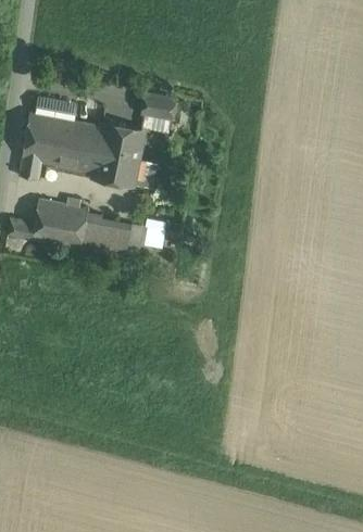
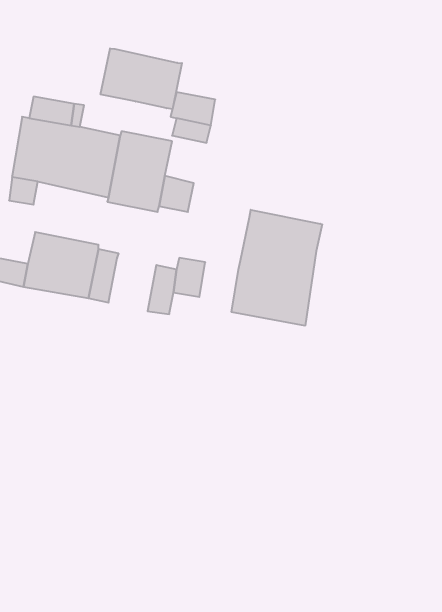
building: none -> [101,48,182,109]
building: none -> [232,210,322,326]
building: [95,218,130,258] -> none

